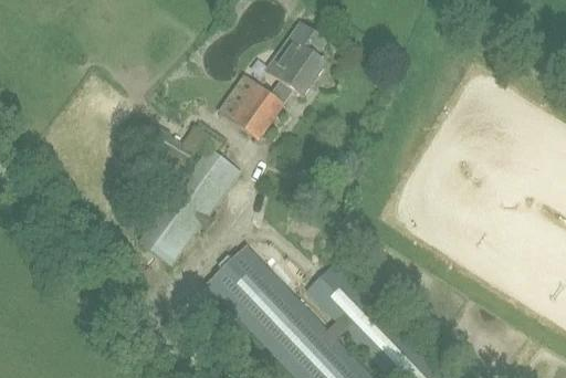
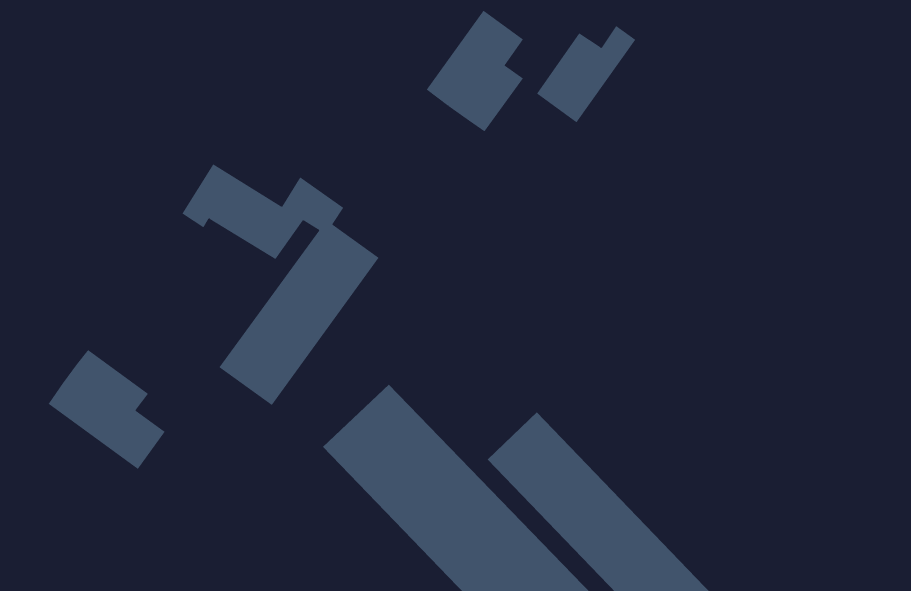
building: [232,78,292,137] -> [536,25,636,123]
building: none -> [48,349,165,470]

